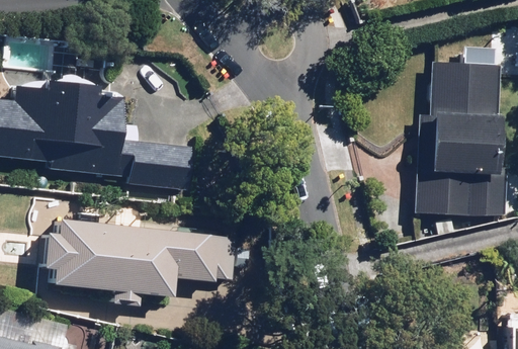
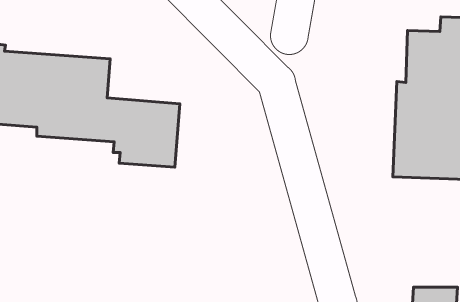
building: [38,210,217,309] -> none

